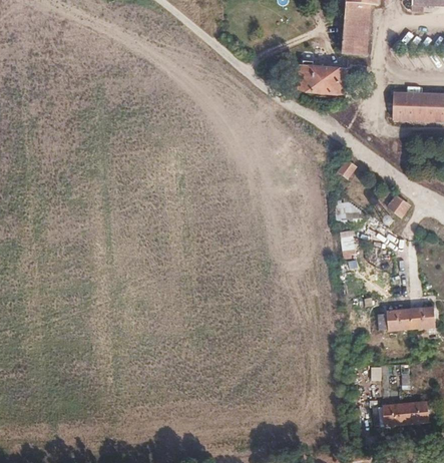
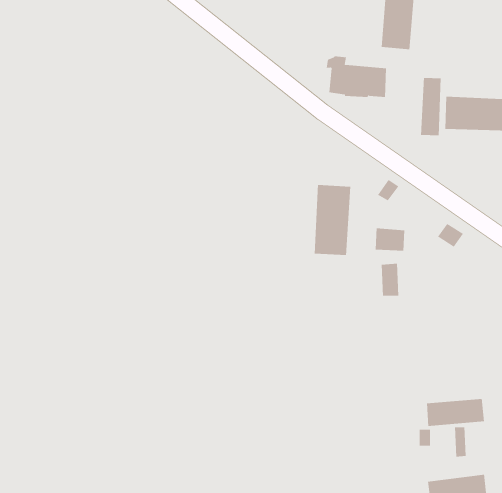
building: none -> [420,77,441,136]
building: none -> [314,184,351,256]
building: [387,308,435,331] -> [426,398,485,426]

